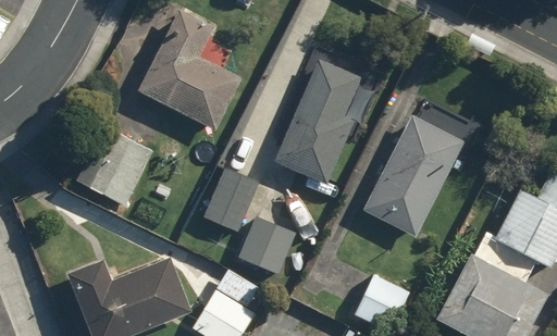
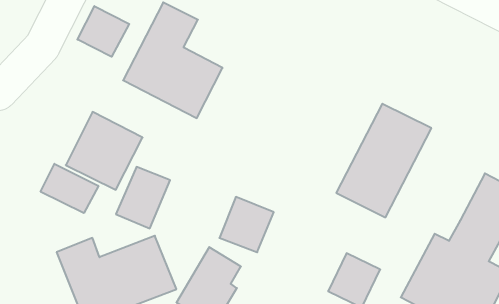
building: none -> [77,6,129,57]
building: [274,60,361,185] -> none
building: [203,167,261,233] -> [116,167,170,228]
building: none -> [41,164,98,213]

